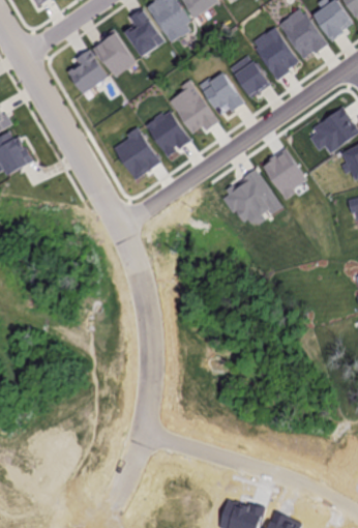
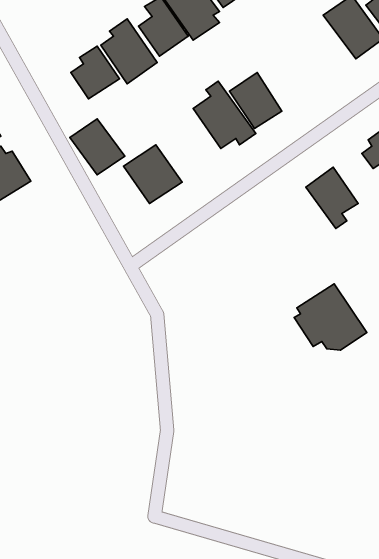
building: [252,26,301,78] -> none
building: [230,54,271,98] -> none
building: [145,109,190,155] -> [70,119,125,175]
building: [223,170,284,225] -> [294,284,367,350]

